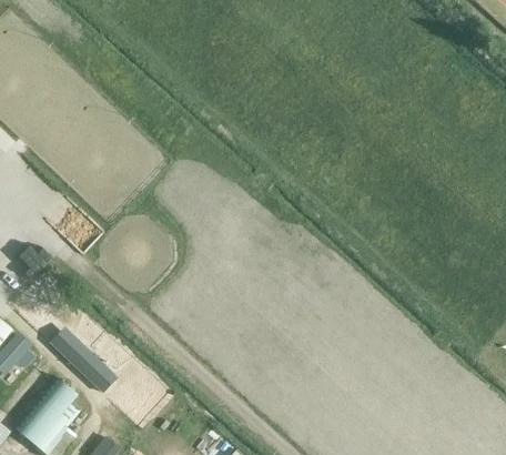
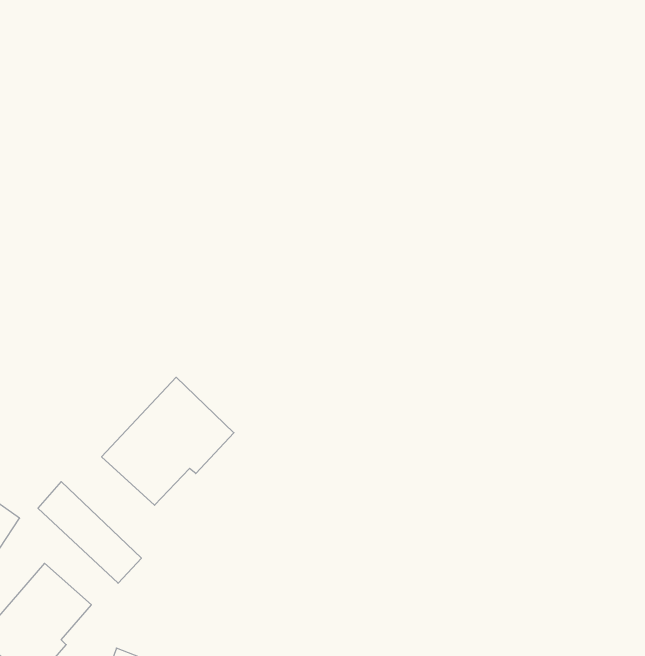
building: none -> [102,377,234,505]

